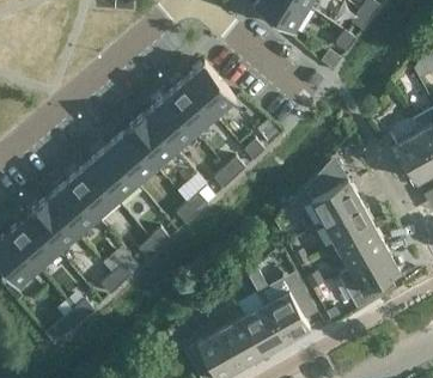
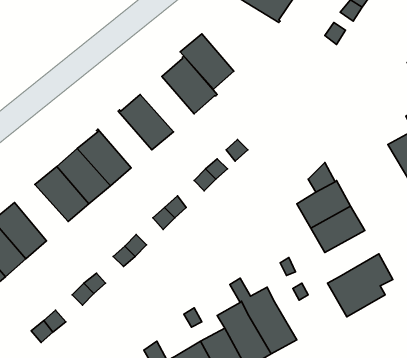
building: [164,84,214,135] -> [180,34,234,89]
building: [124,116,175,169] -> none
building: [47,184,97,237] -> none
building: [336,227,386,270] -> none

